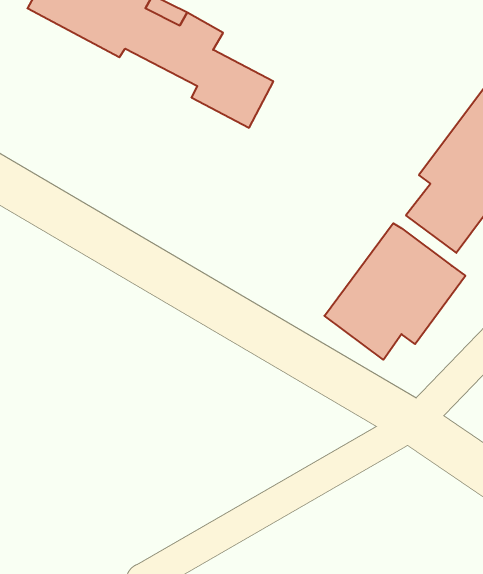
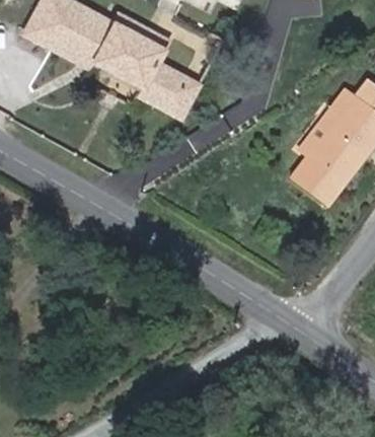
building: [324,223,465,360] -> none

